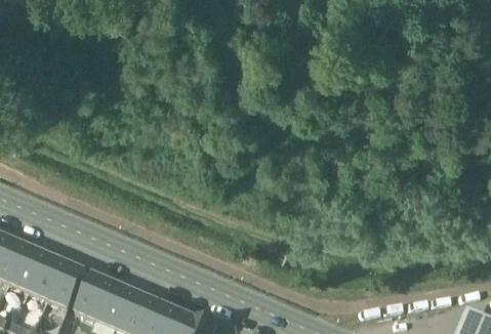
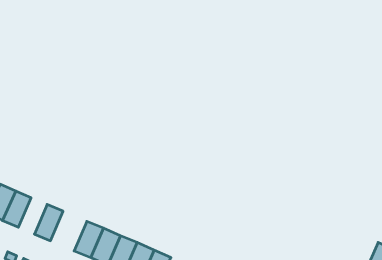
building: [31,250,66,294] -> none
building: [77,269,114,315] -> none

